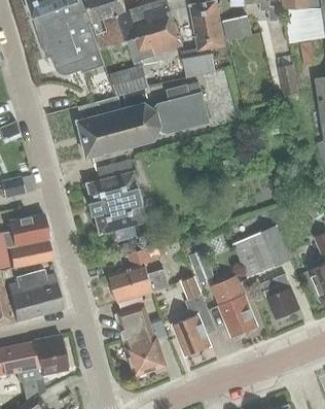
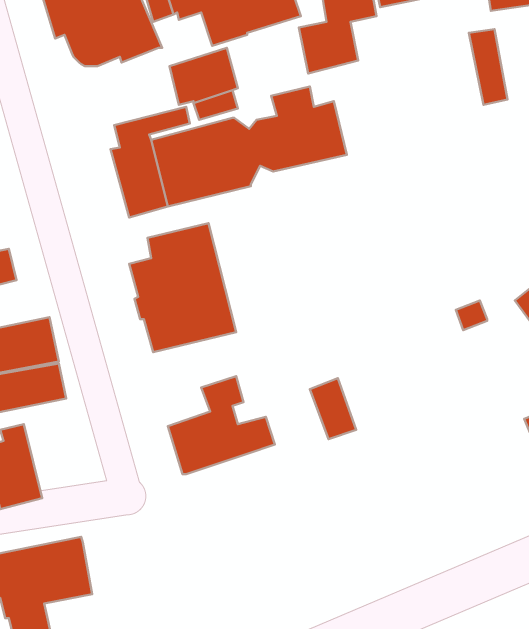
building: [233,226,290,277] -> none
building: [29,269,62,314] -> none
building: [261,273,300,318] -> none
building: [173,275,216,355] -> none
building: [212,279,258,337] -> none
building: [117,294,166,373] -> none

